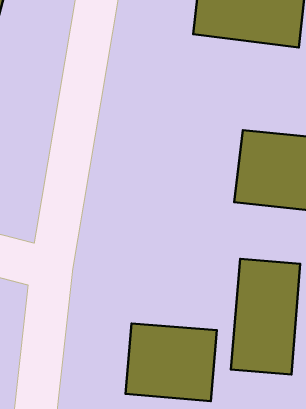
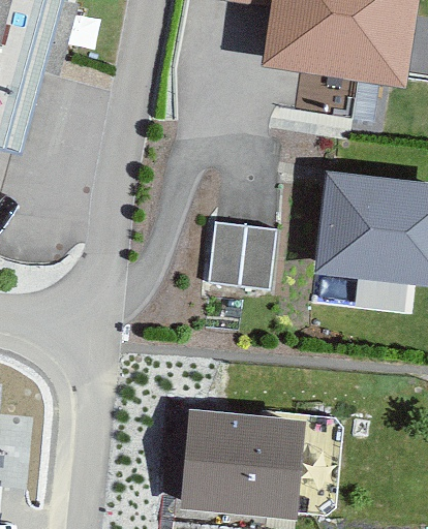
building: none -> [208,224,274,288]
building: [231,259,300,375] -> none

